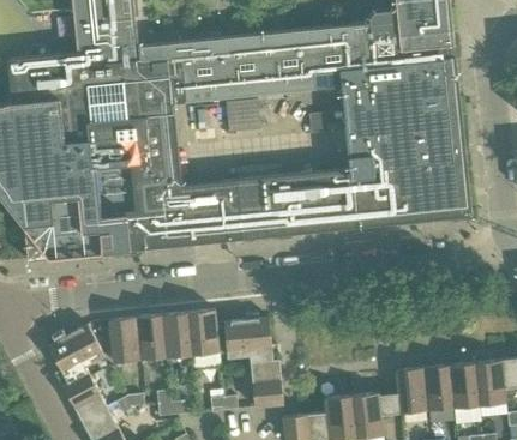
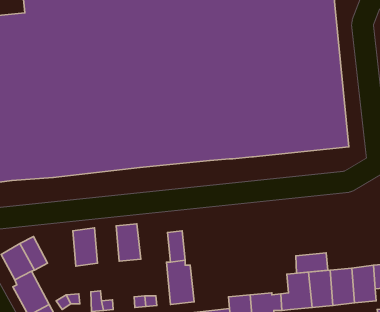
building: [162,312,192,357] -> none
building: [109,318,139,363] -> none
building: [223,320,254,358] -> none
building: none -> [296,253,328,273]

